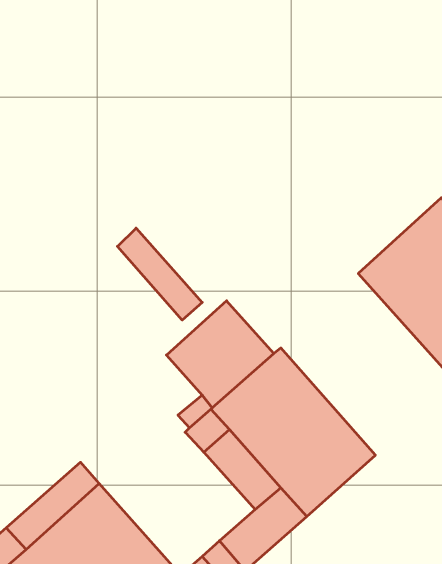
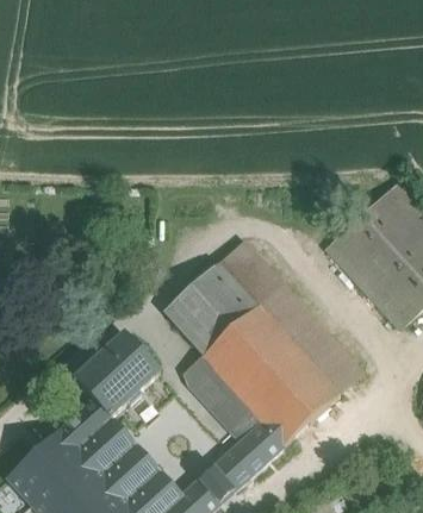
building: [117,228,202,320] -> none
building: none -> [216,242,363,396]
building: none -> [74,336,160,420]

